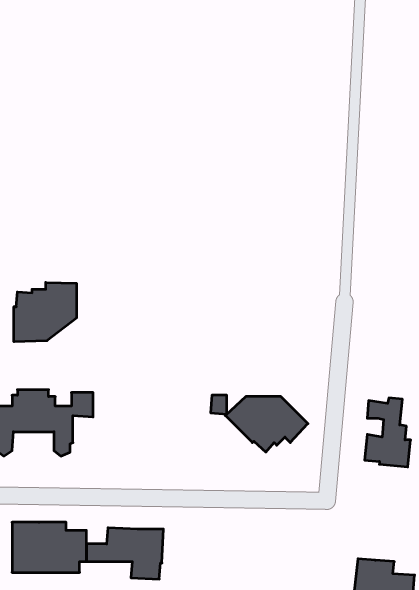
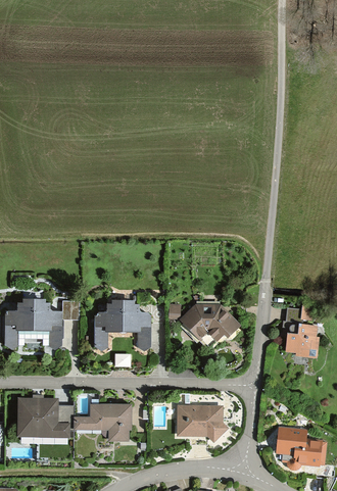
building: [14,282,76,342] -> none
building: none -> [94,300,150,350]
building: none -> [176,405,228,442]

